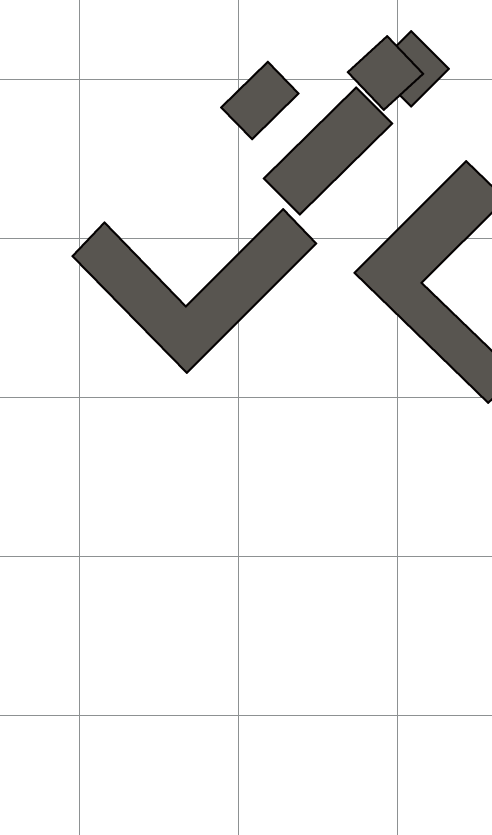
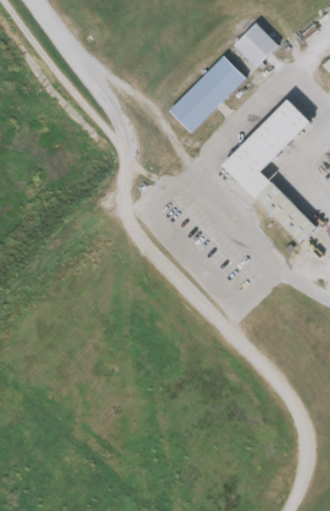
building: [221,62,299,139] -> none
building: [73,209,316,373] -> none

